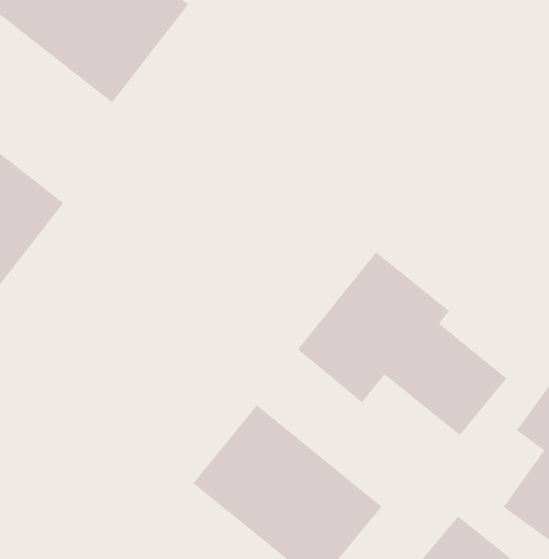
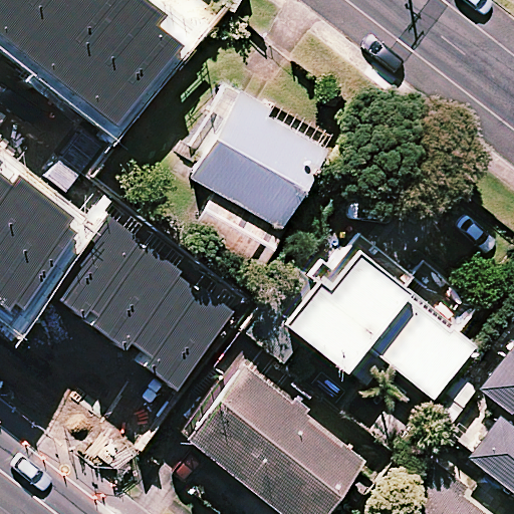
building: none -> [186,98,325,256]
building: none -> [53,206,239,378]

